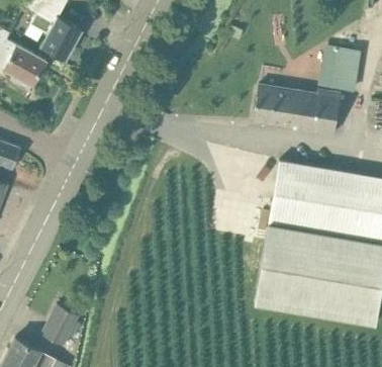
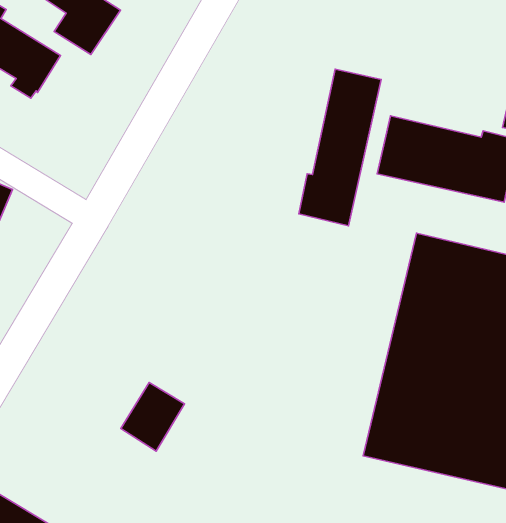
building: none -> [299,69,381,226]
building: [40,304,80,348] -> [121,383,184,451]

